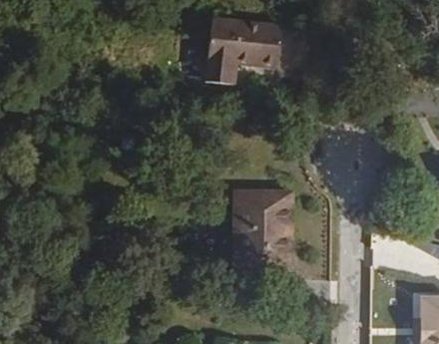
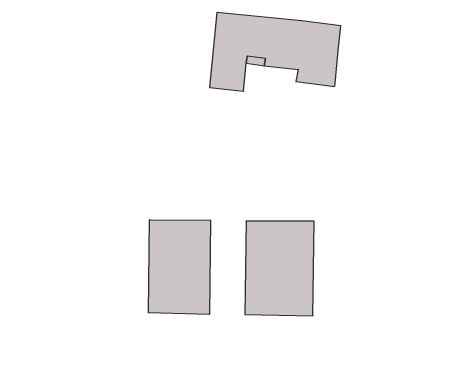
building: none -> [148,220,211,314]

